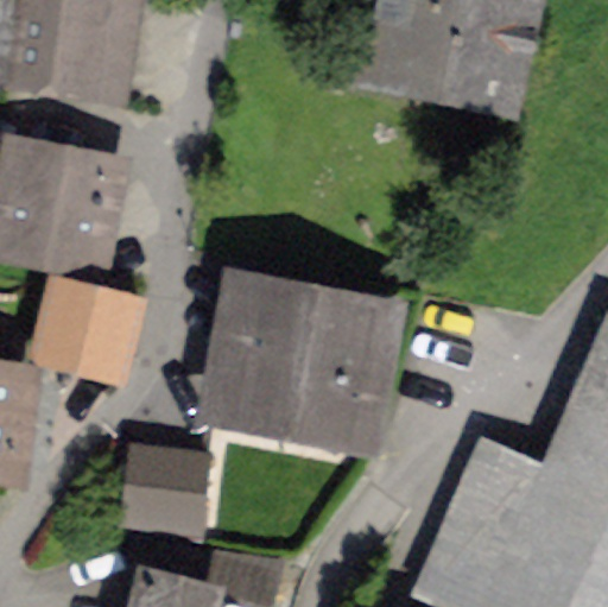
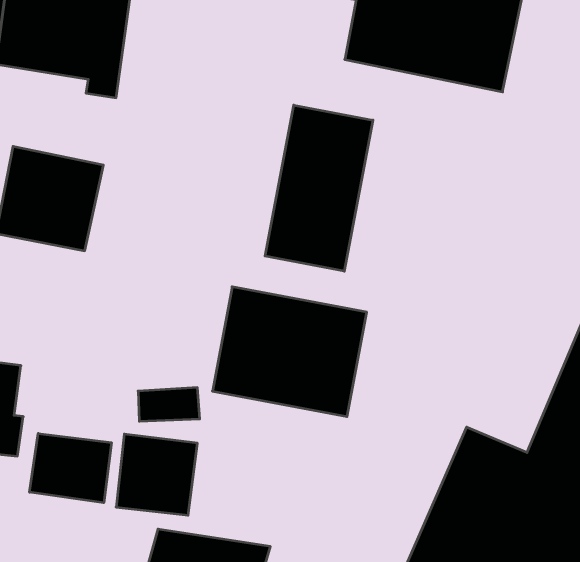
building: none -> [265,105,373,271]
building: [33,290,141,371] -> none
building: none -> [30,433,111,503]

